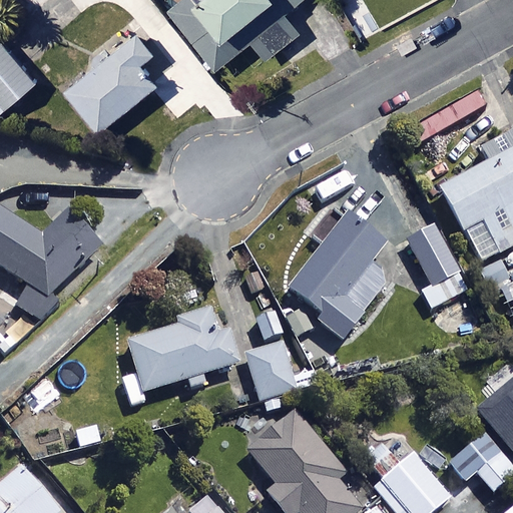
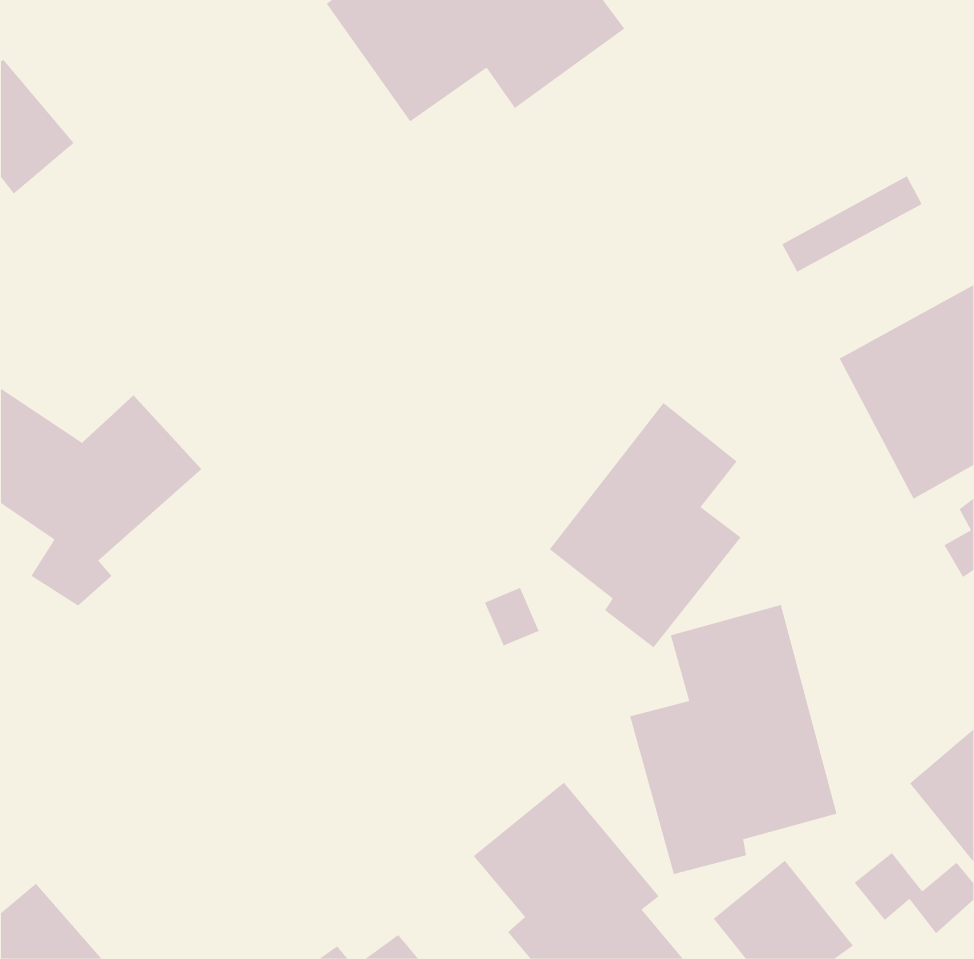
building: [67,26,158,126] -> none
building: [407,222,468,308] -> none
building: [127,306,236,394] -> none
building: none -> [629,604,837,875]
building: [241,341,297,399] -> none

